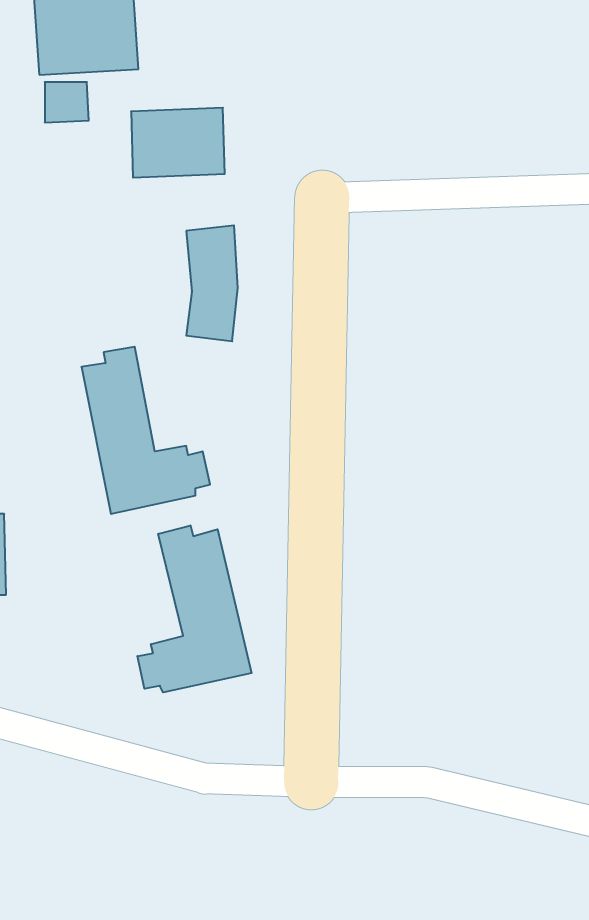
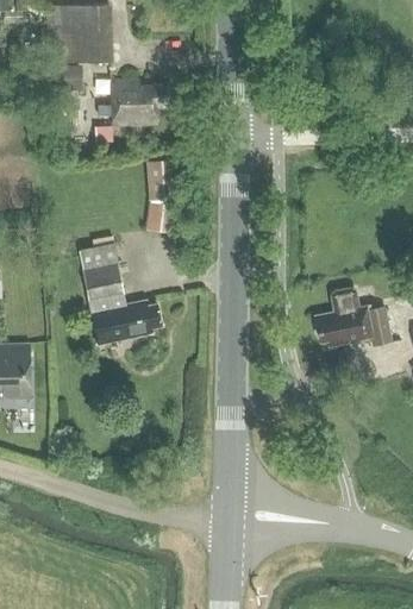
building: none -> [315,289,392,347]
building: [137,525,252,692] -> none

